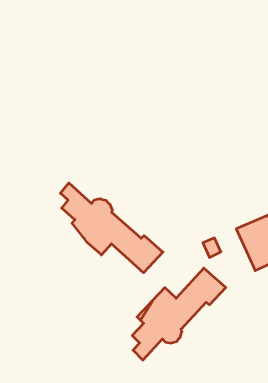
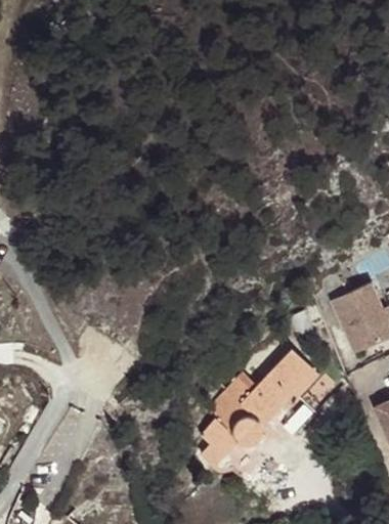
building: [60,183,163,273] -> none

